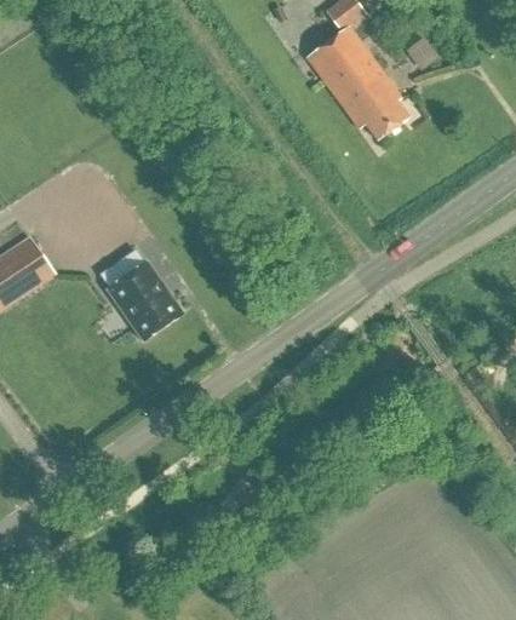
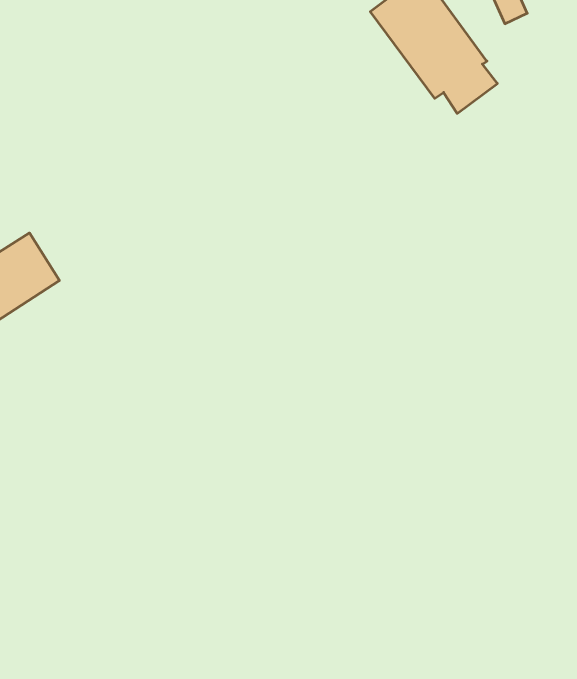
building: [107,260,182,340] -> none

